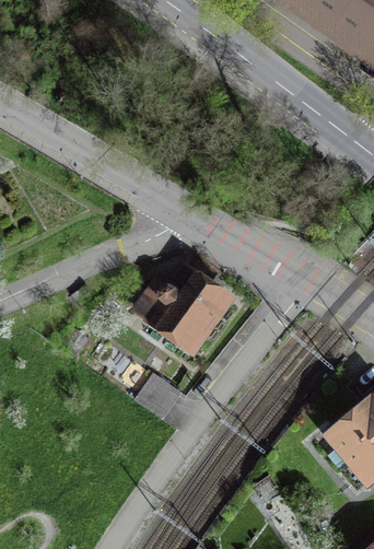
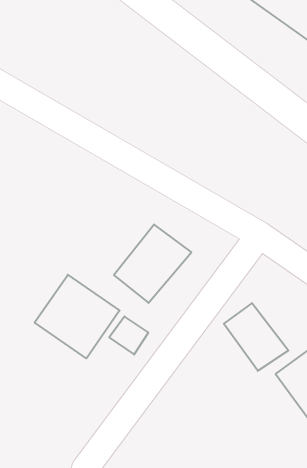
building: none -> [35,275,120,358]
building: none -> [224,303,288,371]

